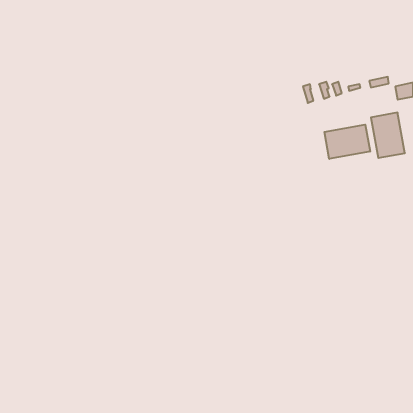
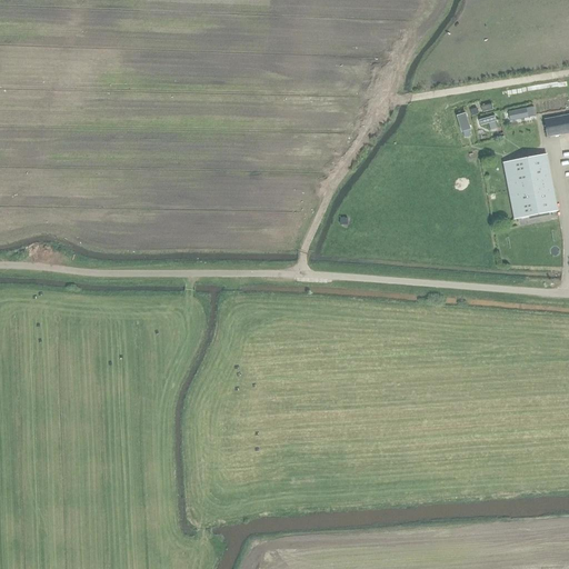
building: [324,125,370,159] -> none

